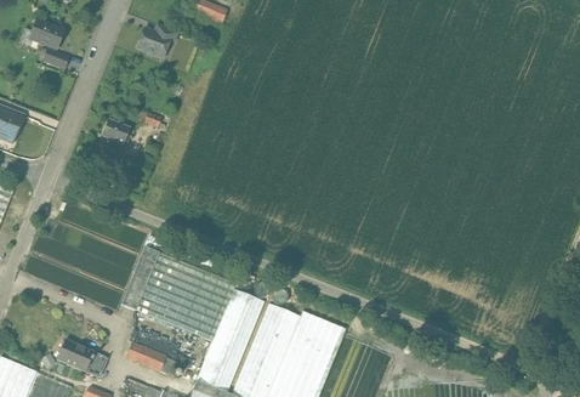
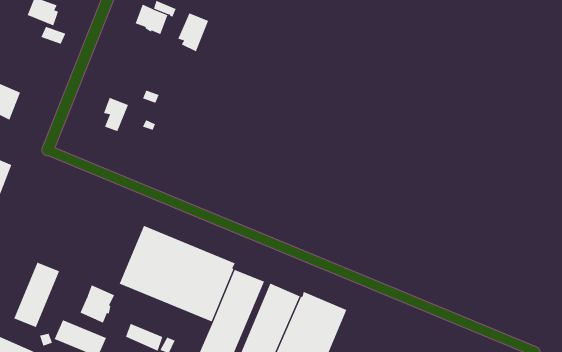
building: none -> [178,12,209,52]
building: none -> [14,262,60,328]
building: none -> [79,284,115,324]

